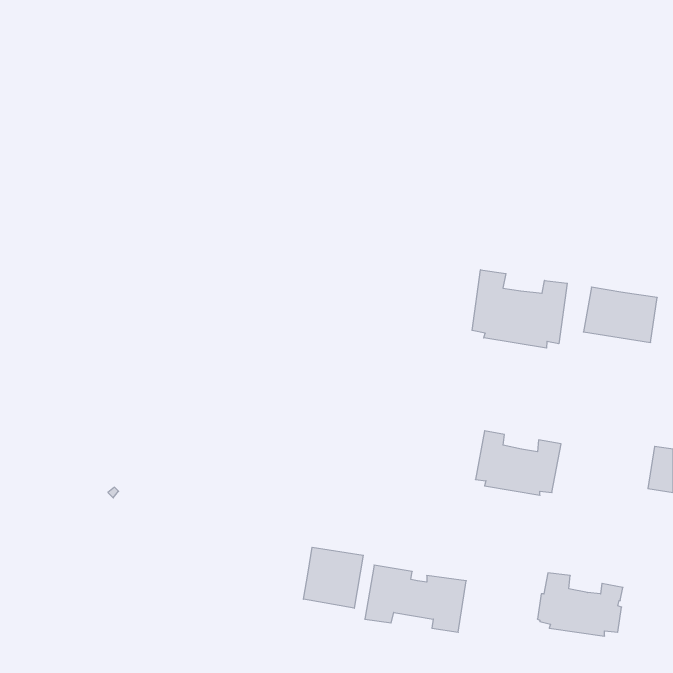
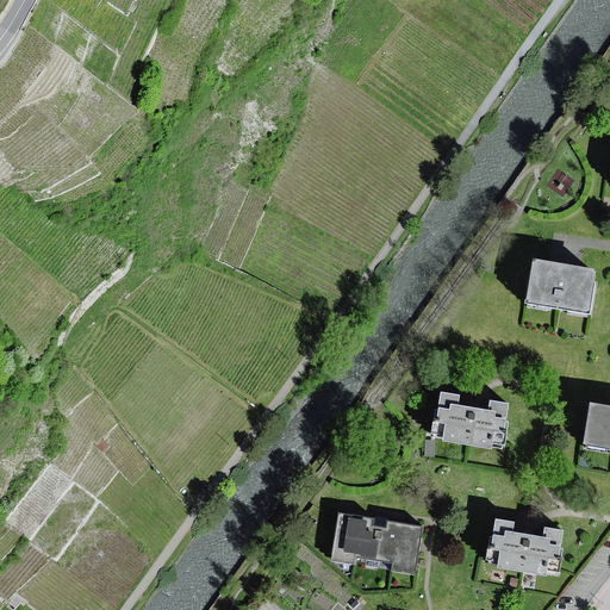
building: [472,270,567,348] -> none
building: [303,547,363,608] -> none

